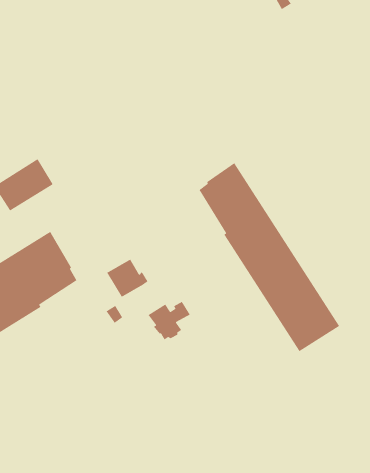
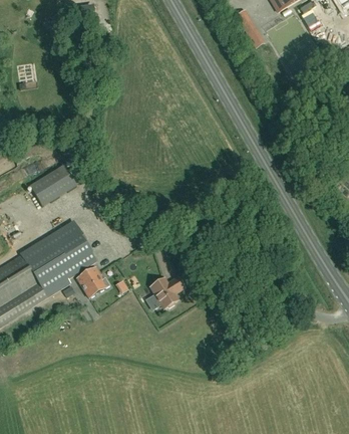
building: [198,162,340,352] -> none
building: [106,258,148,298] -> [77,266,110,297]

